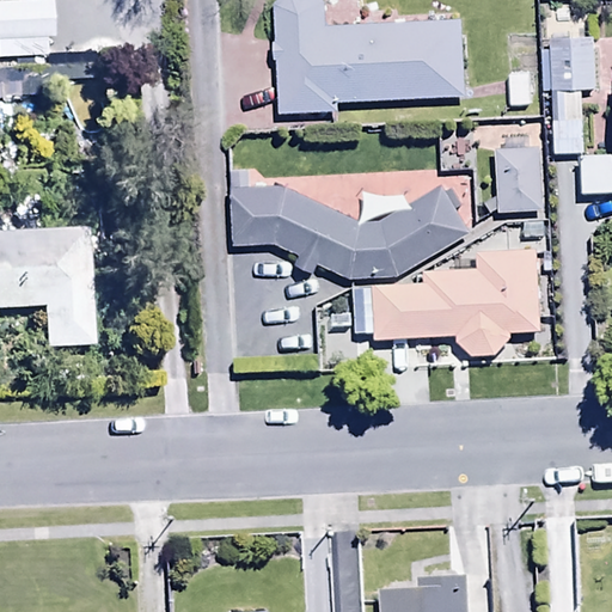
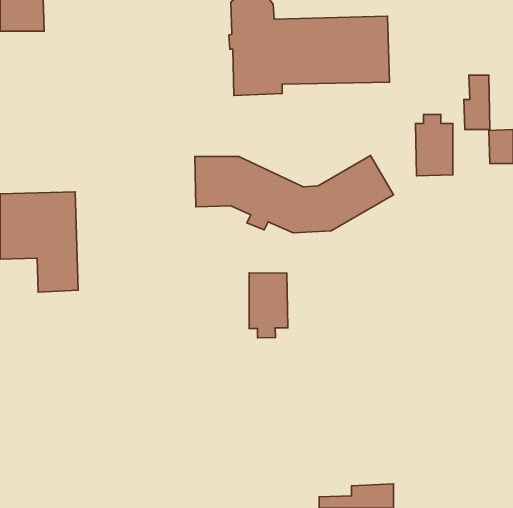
building: [541,37,593,90] -> none
building: [373,228,538,357] -> none
building: none -> [249,273,288,338]

